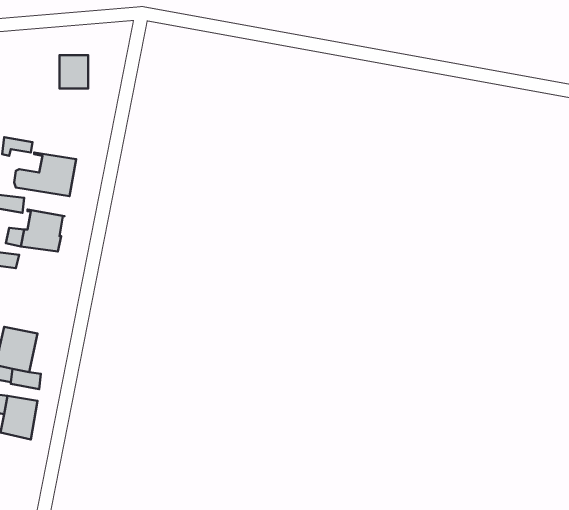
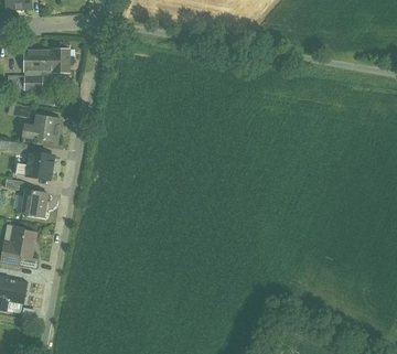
building: none -> [15,49,50,89]
building: none -> [23,189,46,216]

